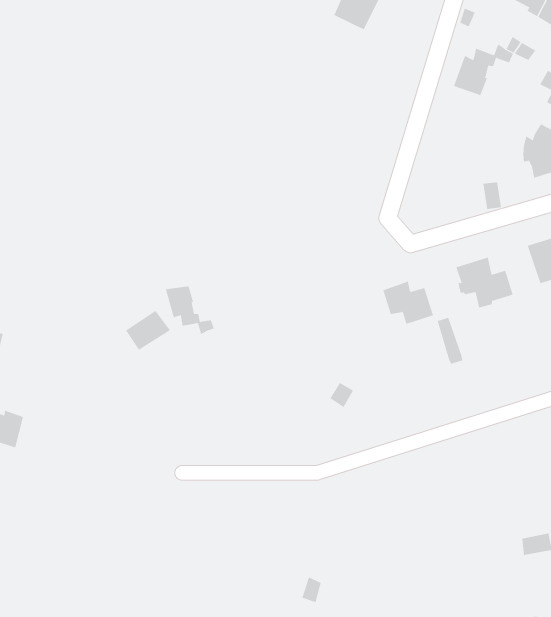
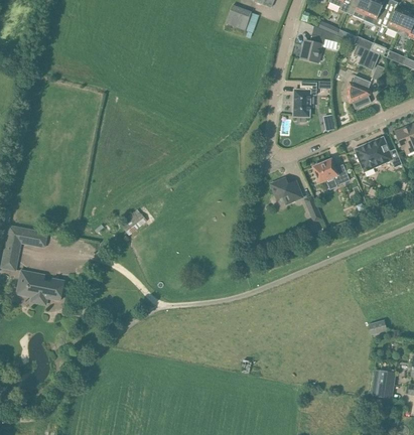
building: none -> [293,83,316,122]
building: [165,286,215,335] -> none

